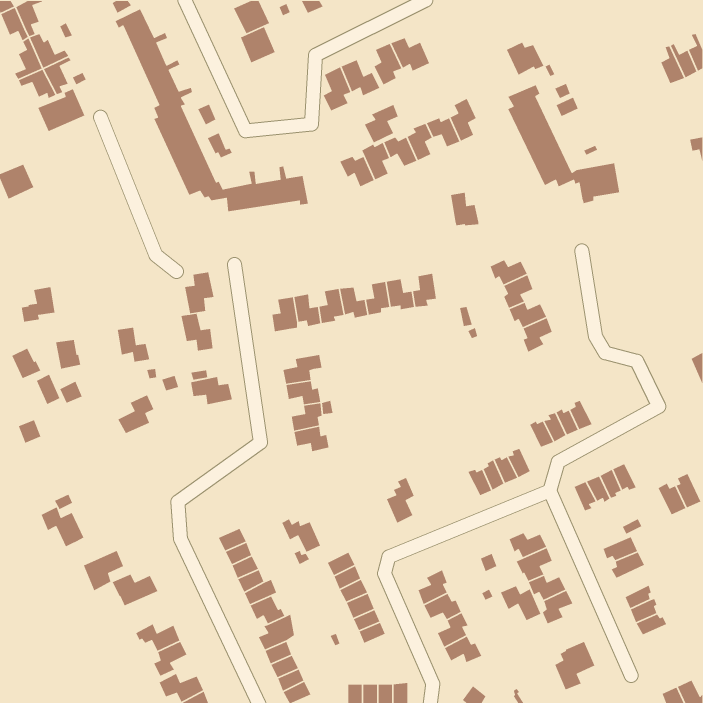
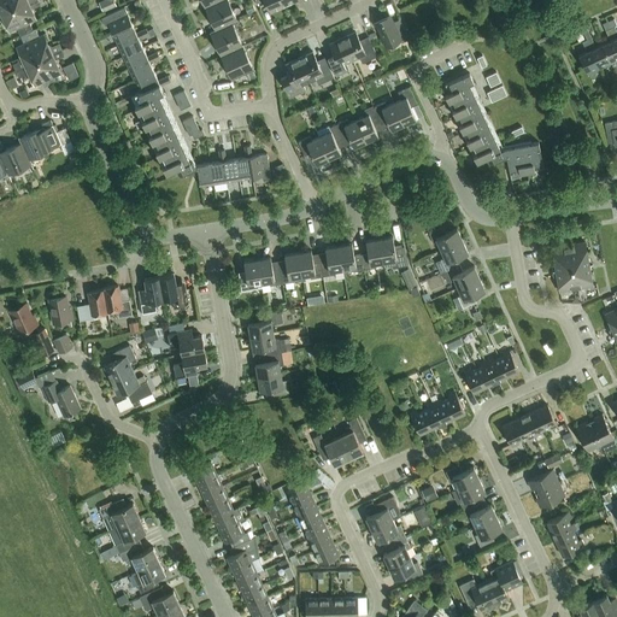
building: [506,41,544,76] -> [375,18,409,48]
building: none -> [219,47,254,81]
building: [37,88,85,132] -> [18,122,60,160]
building: [364,104,399,143] -> none
building: [450,192,479,226] -> [378,237,404,268]
building: [184,271,214,314] -> [136,277,163,315]
building: none -> [551,243,592,293]
building: [21,287,57,322] -> [76,290,107,322]
building: none -> [172,351,206,378]
building: none -> [110,371,154,406]
building: [41,506,85,548] -> [41,381,80,417]
building: [281,518,321,553] -> [312,435,347,465]
building: [83,550,124,591] -> [108,518,145,554]
building: [500,585,541,621] -> [458,580,494,611]

